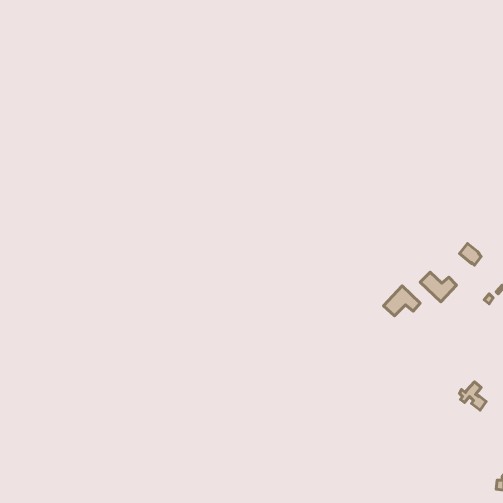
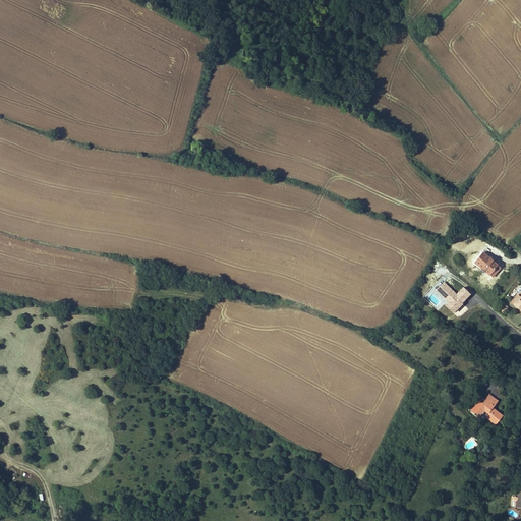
building: [383,286,420,316] -> none

